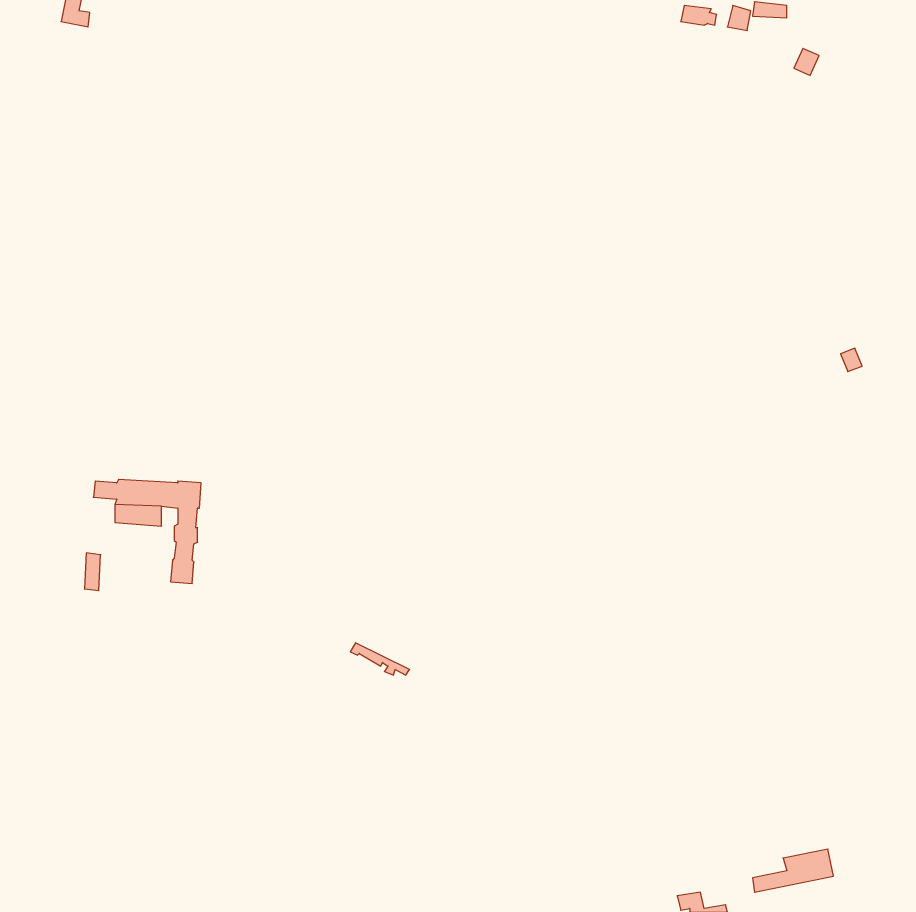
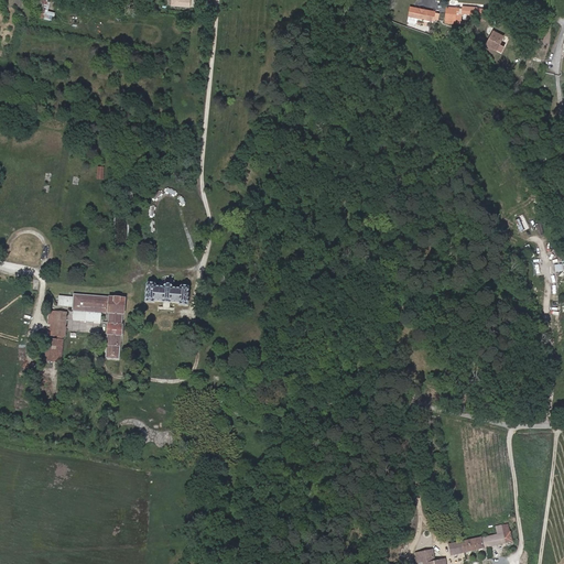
building: none -> [145,282,189,304]
building: none -> [46,311,66,336]

